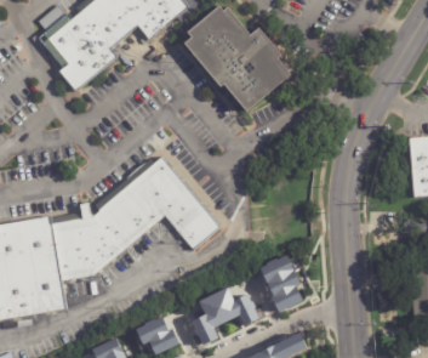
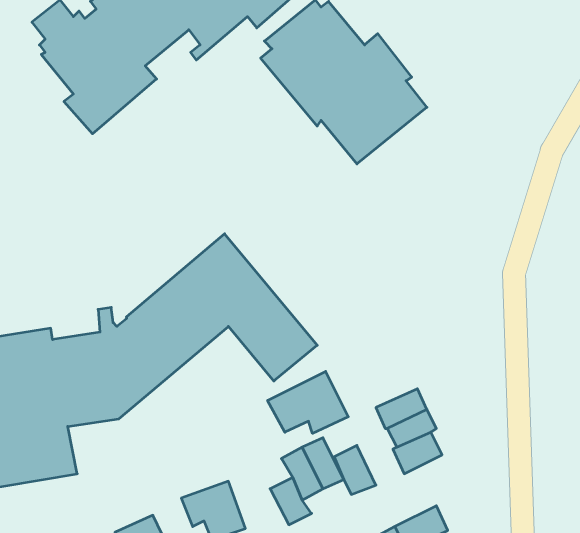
building: none -> [268,371,348,433]

